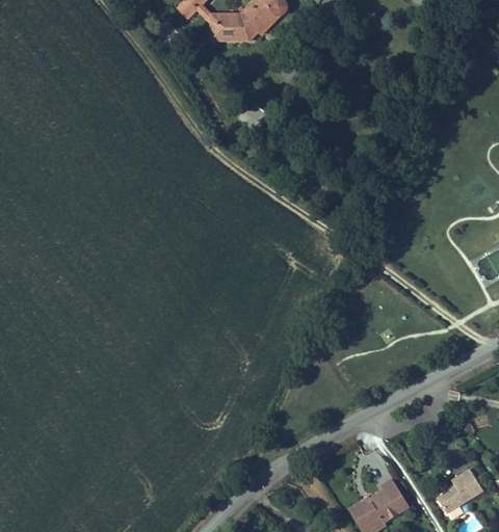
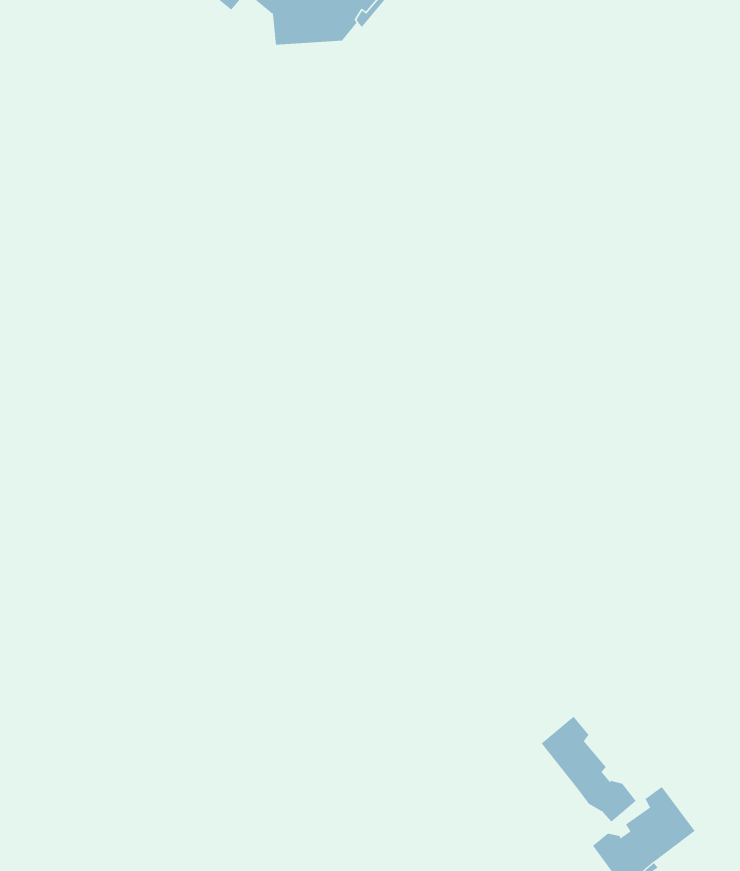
building: none -> [541,716,636,823]

